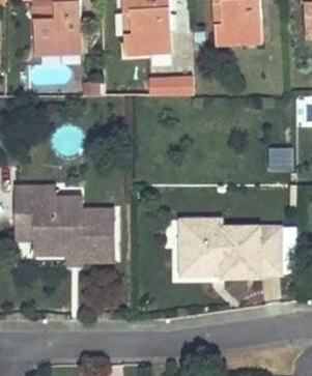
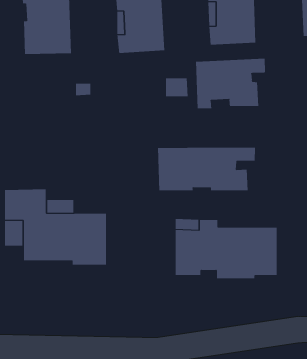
building: none -> [195,58,266,109]
building: none -> [158,147,256,191]

